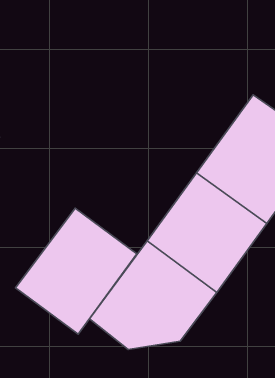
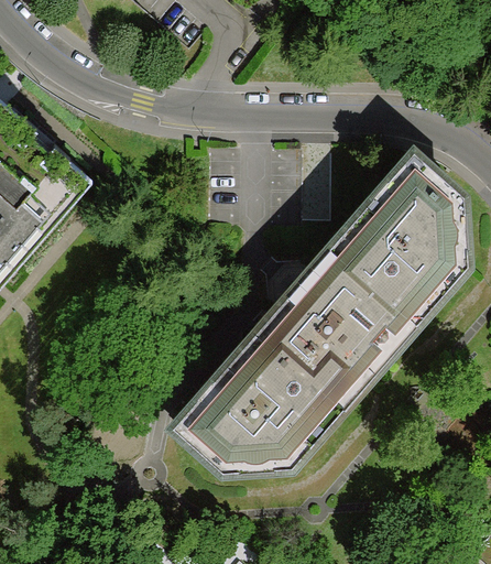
building: [15,208,137,334] -> none

